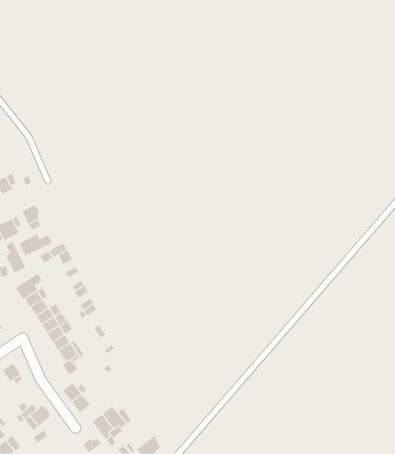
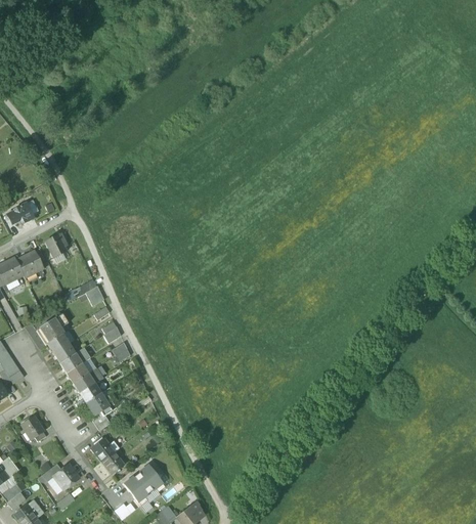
building: [19,233,53,257] -> none
building: [5,241,26,273] -> none

